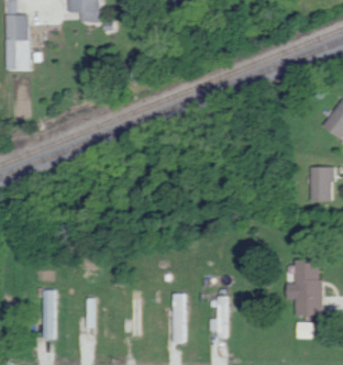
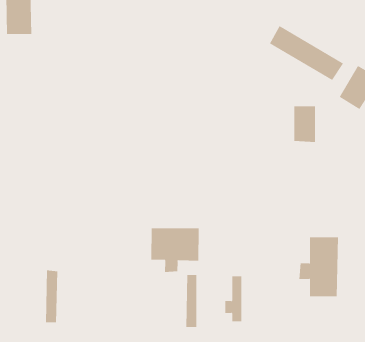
building: none -> [269,25,344,81]
building: [307,167,328,201] -> [293,106,316,142]
building: none -> [151,228,199,273]

